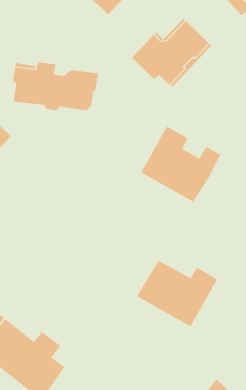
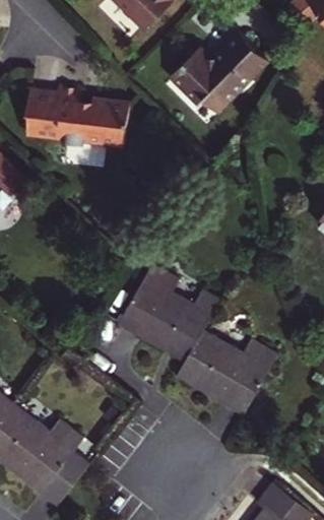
building: [141,126,221,203] -> [119,265,219,361]

